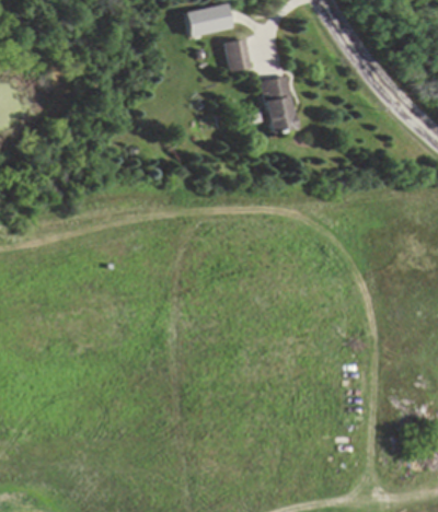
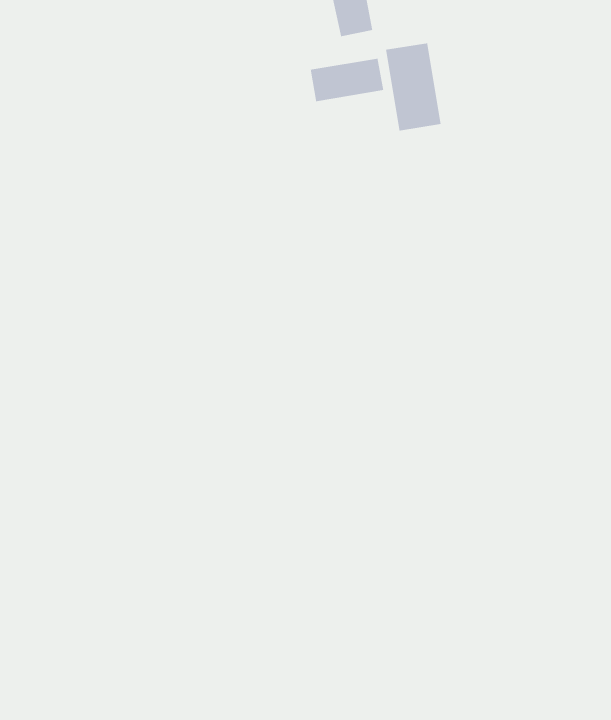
building: none -> [310,58,384,102]

